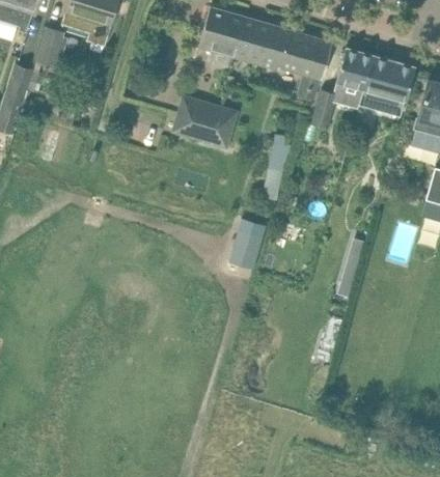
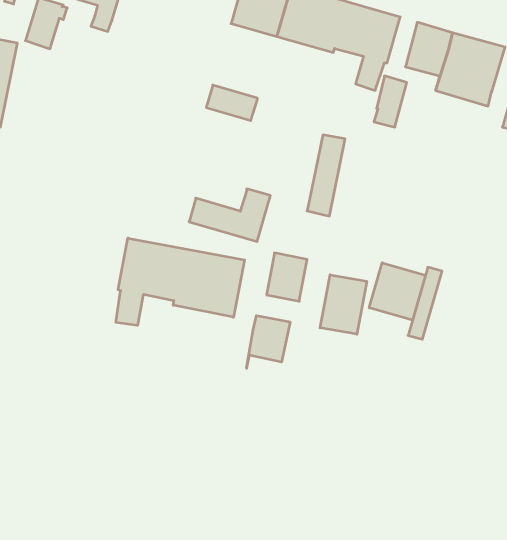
building: [174,107,239,148] -> [189,189,270,241]
building: none -> [116,238,245,325]
building: none -> [369,263,425,320]
building: none -> [320,275,367,334]
building: none -> [247,316,290,368]

